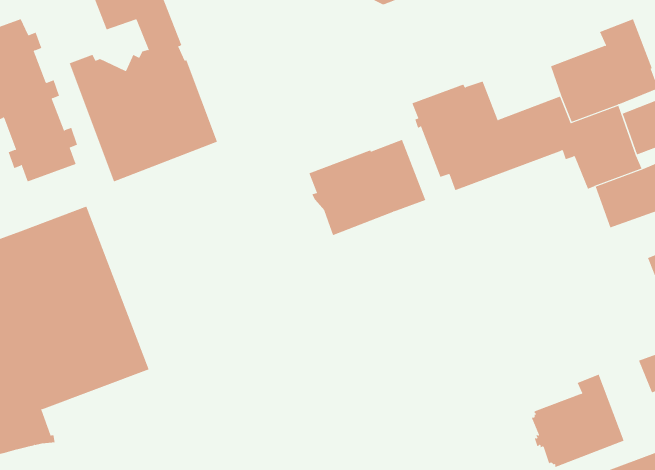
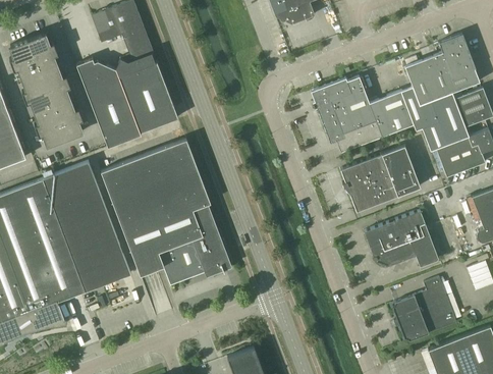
building: [309,139,426,236] -> [339,146,420,212]
building: none -> [100,140,232,285]
building: none -> [363,210,438,267]

